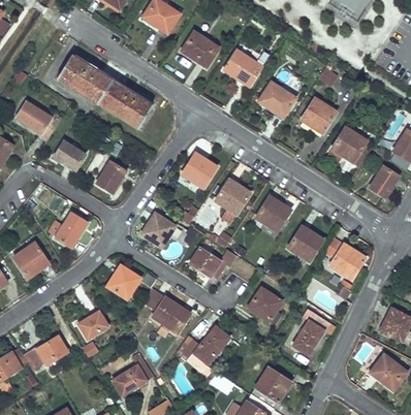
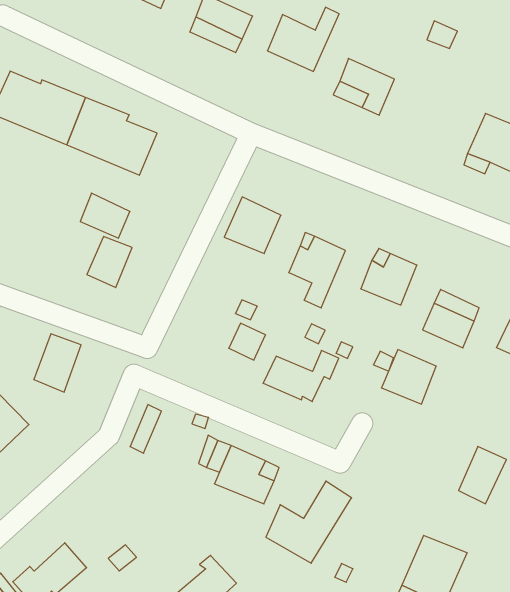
building: [301,99,337,134] -> none
building: [55,140,85,169] -> [80,193,130,238]
building: [140,213,175,248] -> none
building: [113,268,141,300] -> none
building: [247,287,281,321] -> [381,350,436,404]
building: [77,310,109,340] -> none

